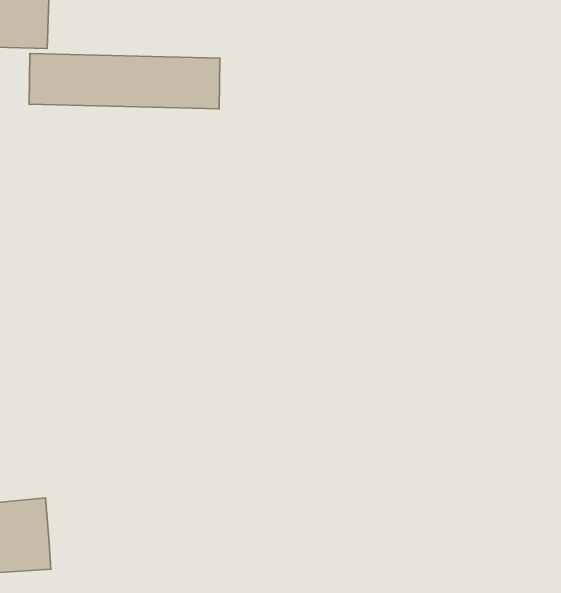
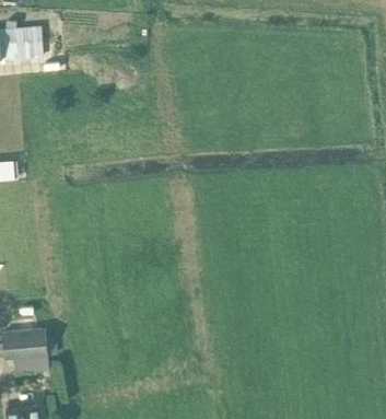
building: [29,53,220,109] -> none

